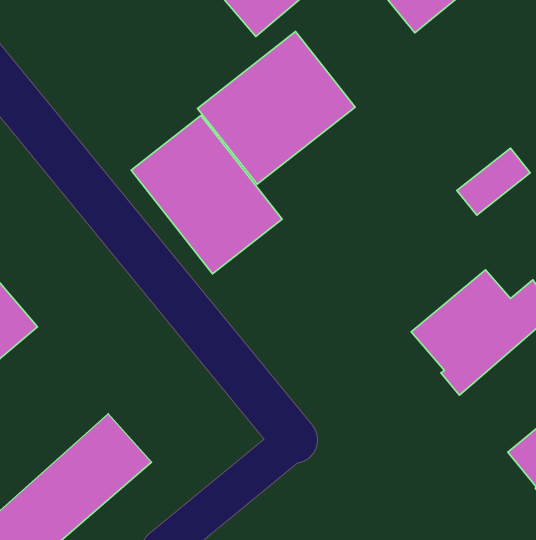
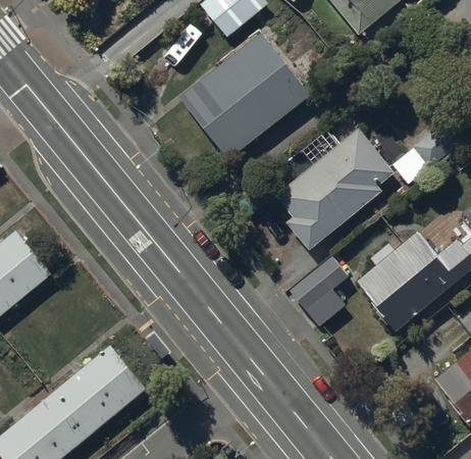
building: [131,116,282,274] -> none
building: none -> [274,126,394,250]
building: none -> [289,254,349,325]

